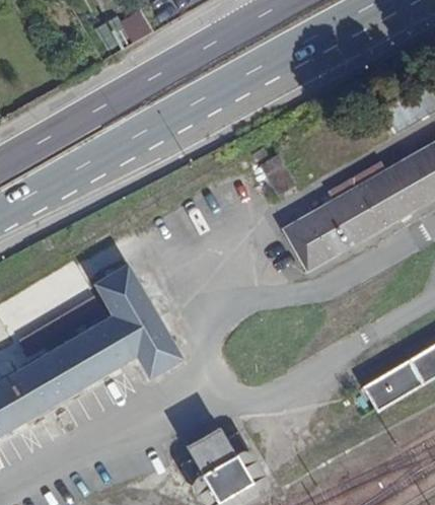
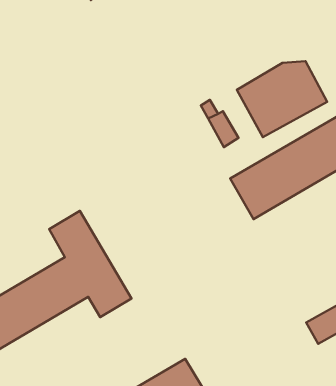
building: none -> [237,61,327,137]

